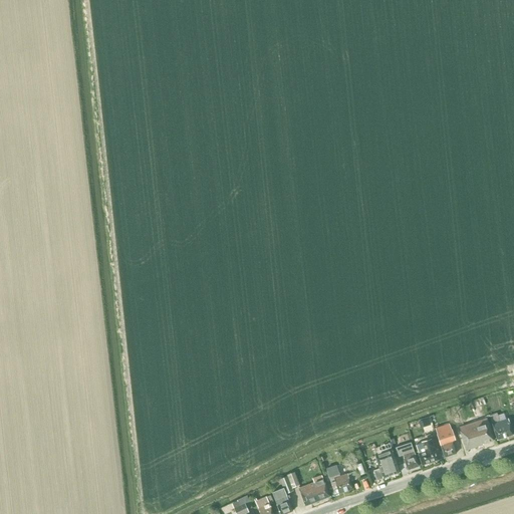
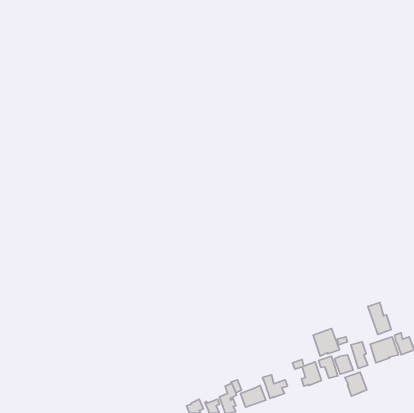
building: none -> [368,303,391,334]
building: none -> [313,328,340,356]
building: none -> [345,372,367,396]

